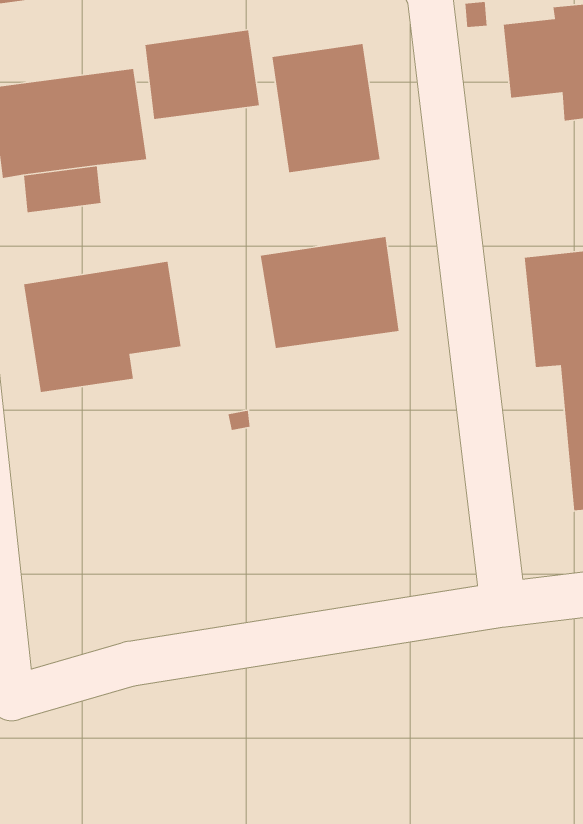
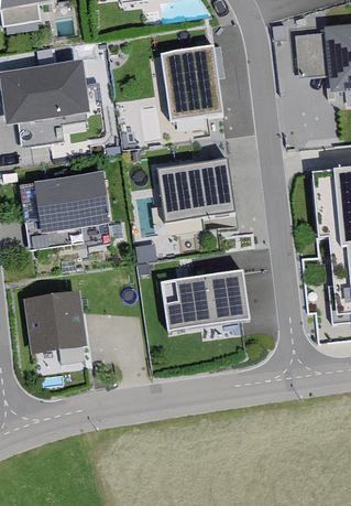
building: [144,30,260,120] -> none
building: none -> [161,270,250,330]
building: none -> [24,292,88,355]

